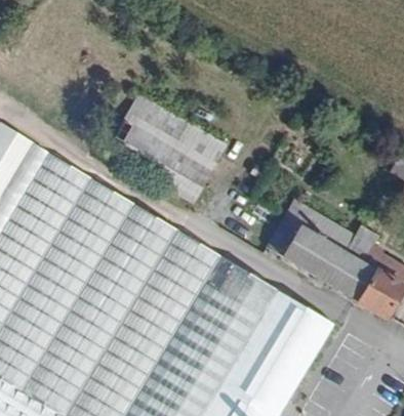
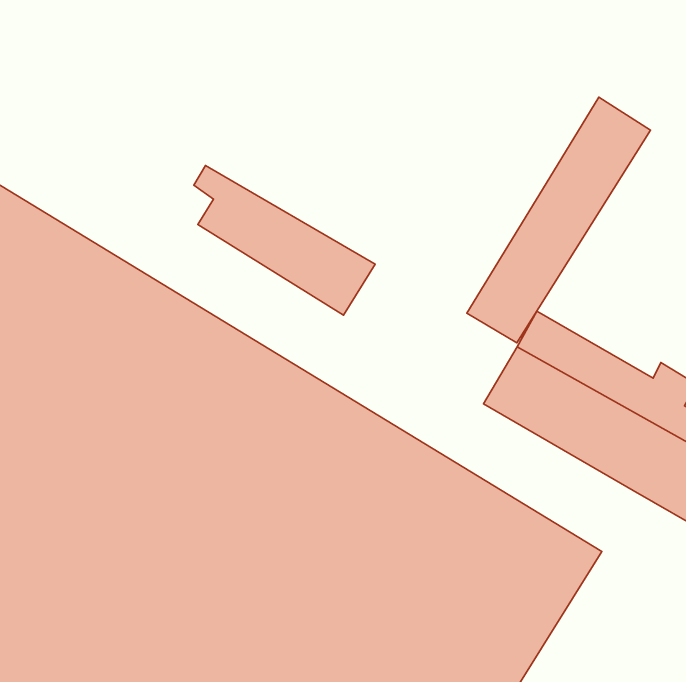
building: none -> [467,97,650,343]
building: [122,91,228,174] -> none

